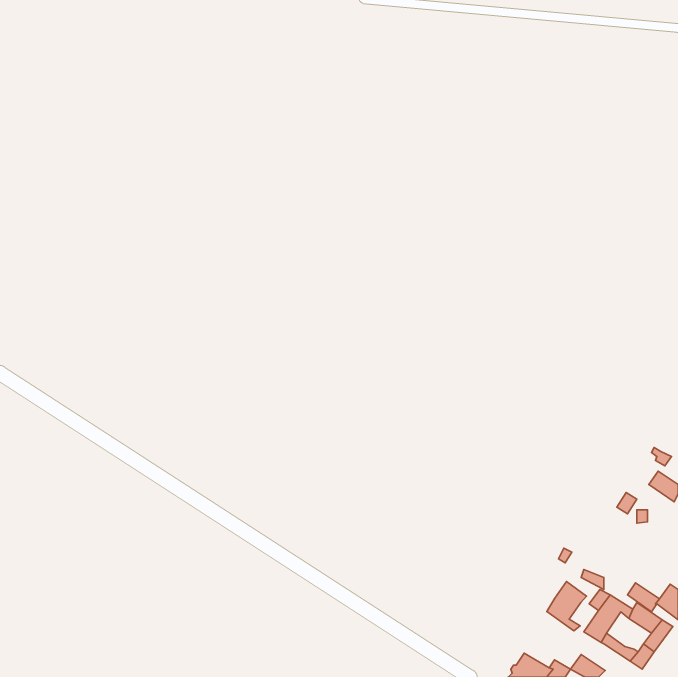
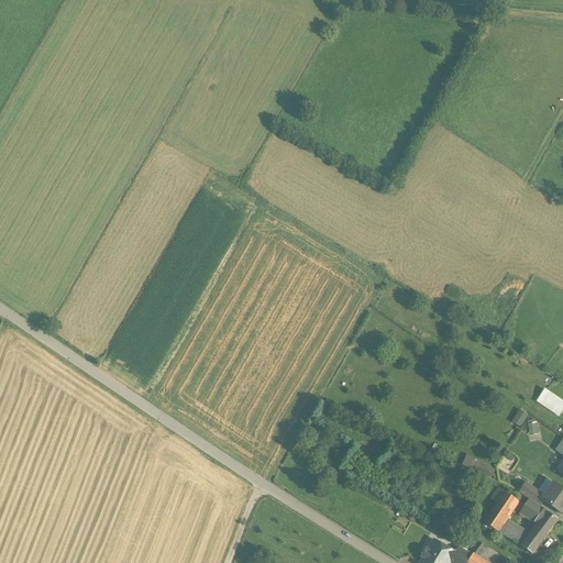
building: [547,581,587,631] -> none

